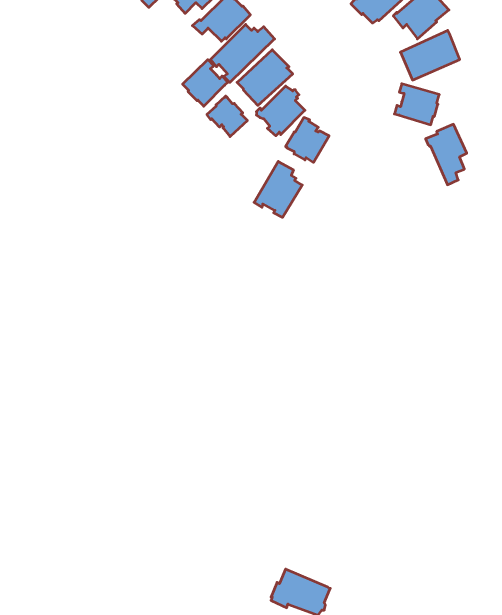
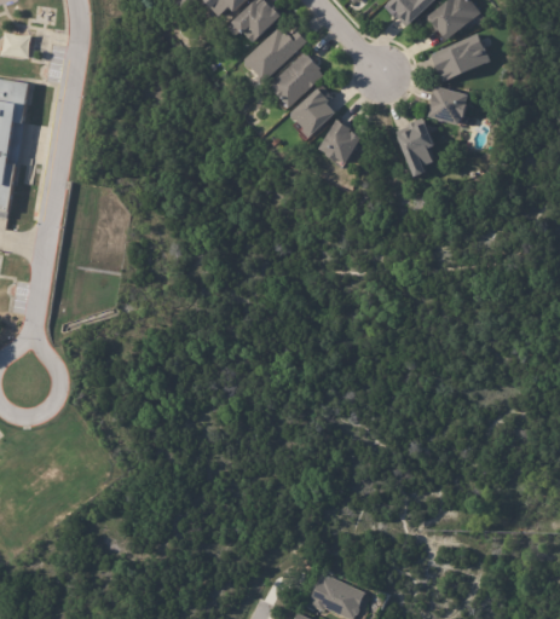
building: [183,60,228,106] -> none
building: [207,96,247,137] -> none
building: [426,124,467,185] -> [394,118,435,179]
building: [254,161,302,217] -> none

